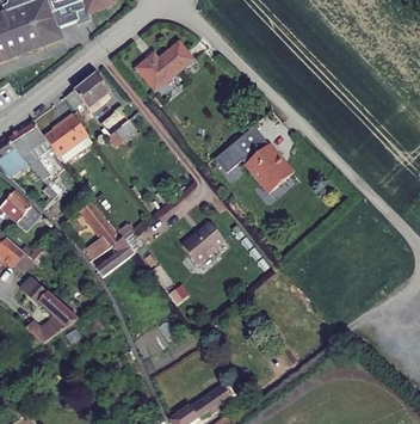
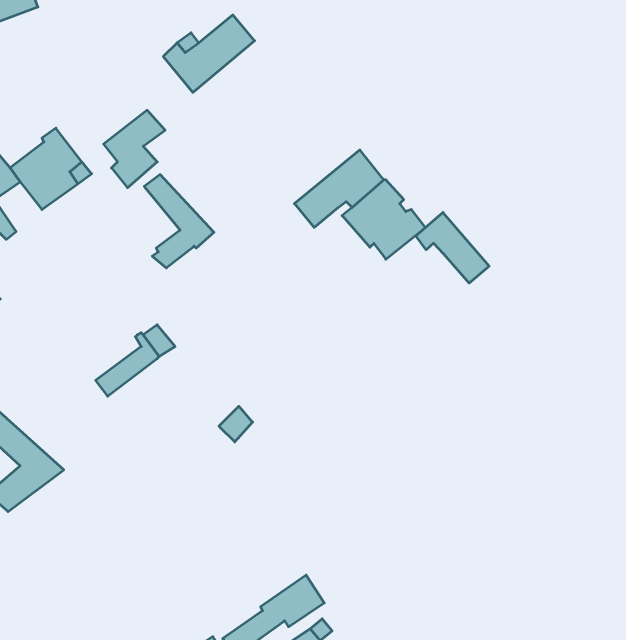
building: [64,73,110,110] -> none
building: none -> [416,212,489,283]
building: [80,201,122,257] -> [144,175,214,268]
building: [181,221,226,263] -> none

